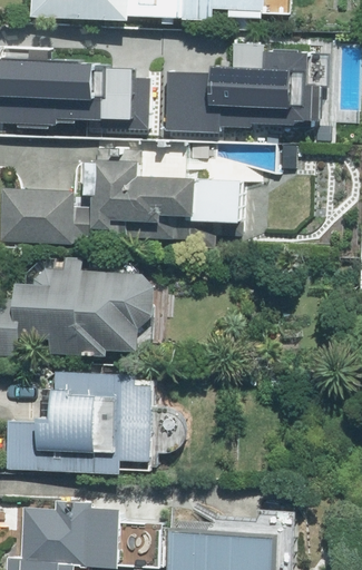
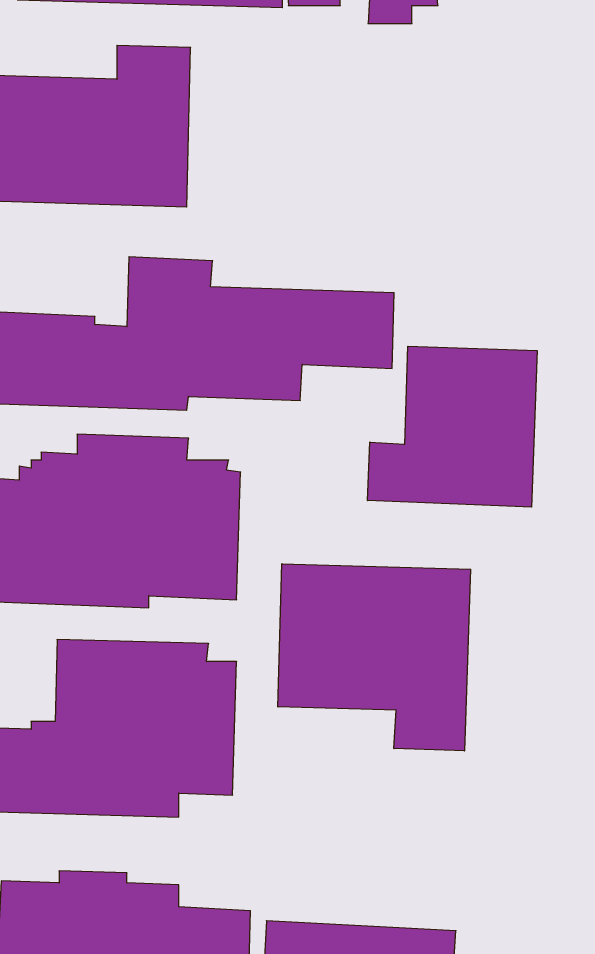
building: [160,52,323,131] -> none
building: none -> [368,346,537,507]
building: none -> [278,564,471,751]

